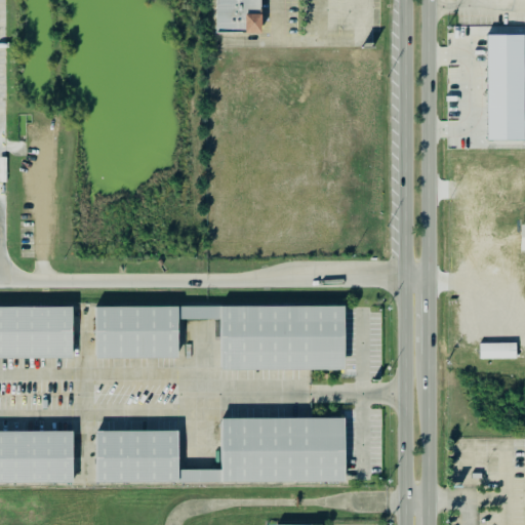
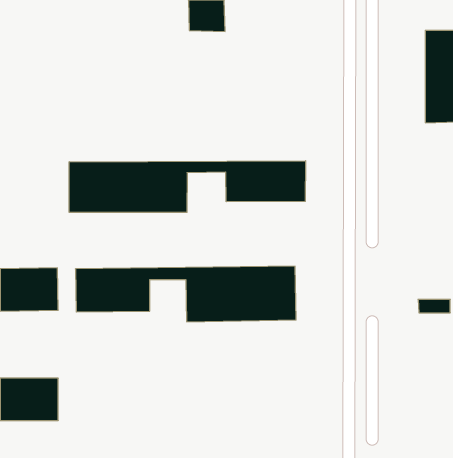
building: none -> [69,161,306,212]
building: [93,418,345,481] -> none

